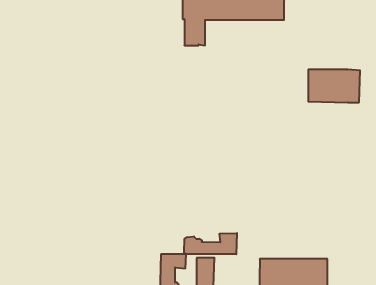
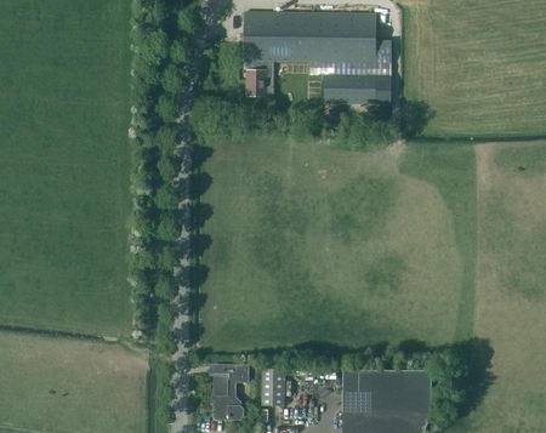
building: [308,70,360,102] -> [324,62,391,104]
building: [184,233,237,254] -> none

